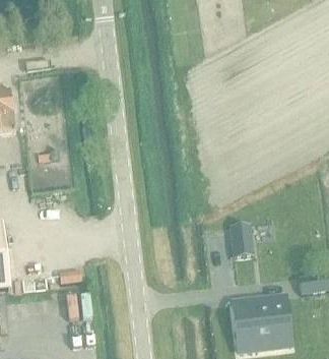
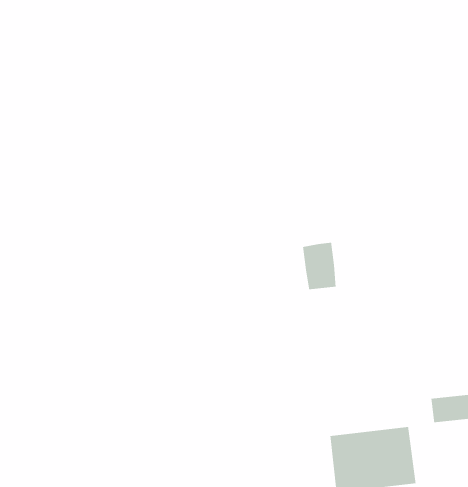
building: [229,223,252,254] -> [302,242,336,290]

